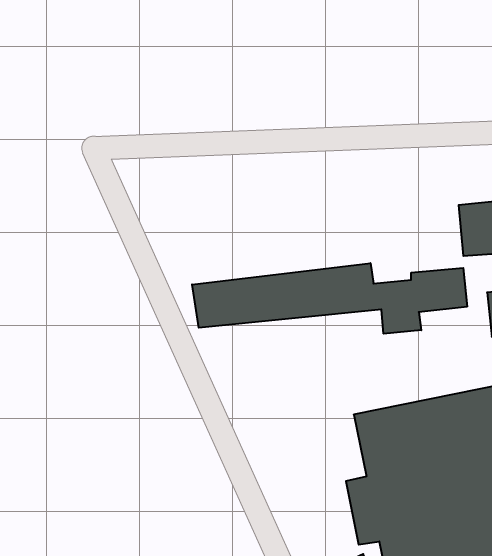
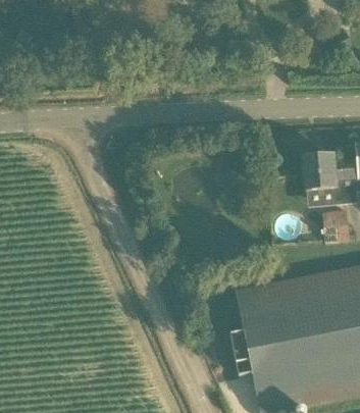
building: [192,263,467,334] -> none

